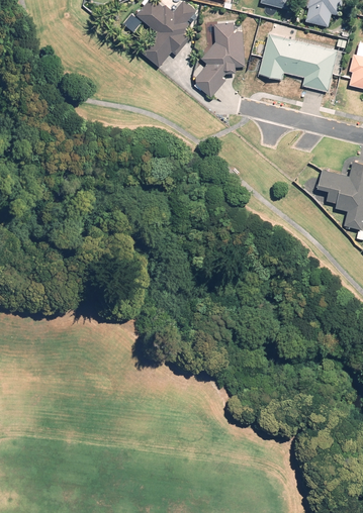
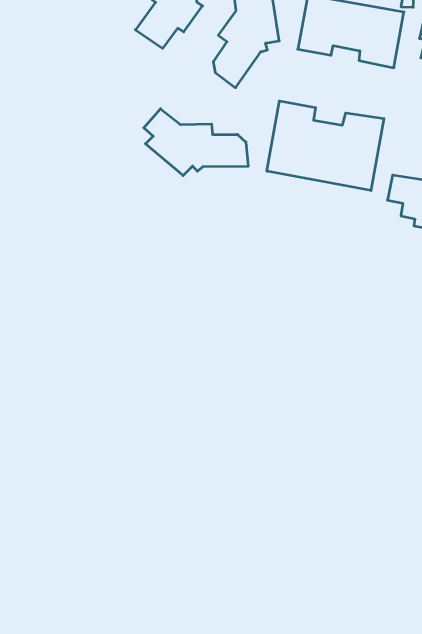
building: none -> [267,101,384,191]
building: none -> [144,109,248,176]

